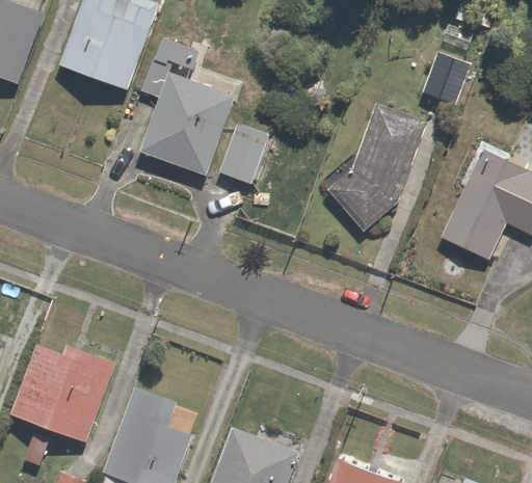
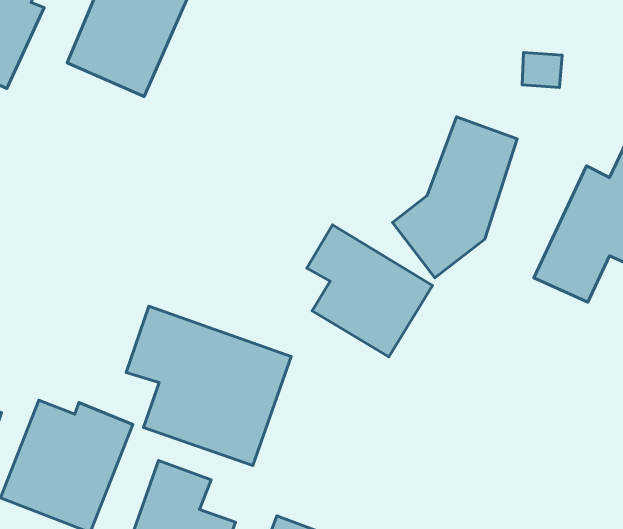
building: [138,39,266,185] -> none
building: none -> [307,225,432,357]
building: none -> [126,306,291,465]

